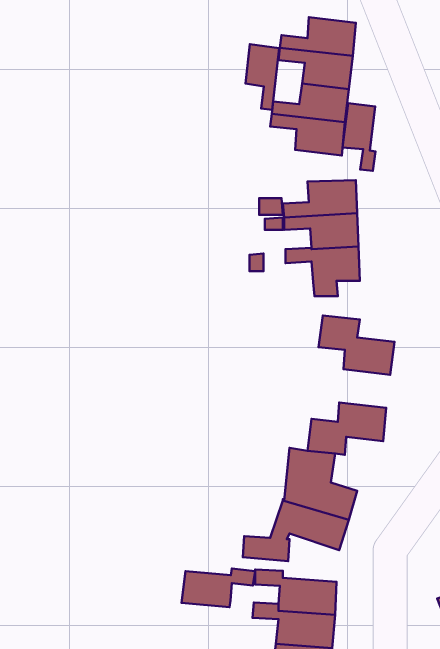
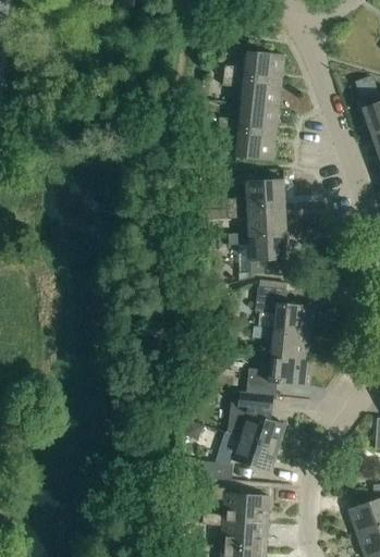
building: [246,44,279,110] -> none
building: [343,103,375,171] -> none
building: none -> [253,326,311,359]
building: [182,568,255,607] -> none

